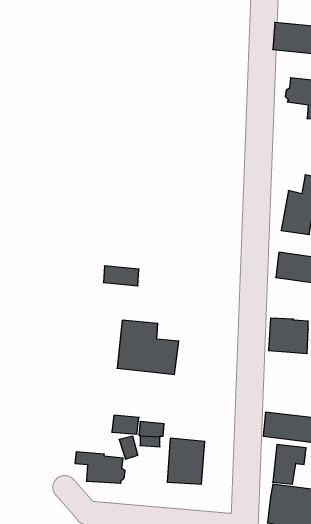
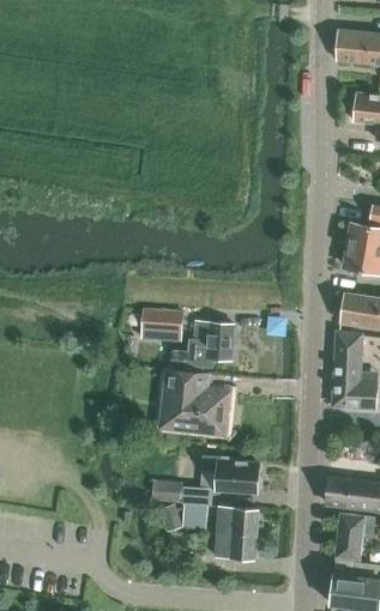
building: none -> [169,322,234,373]
building: none -> [333,332,362,370]
building: [75,452,125,483] -> [203,456,260,492]

